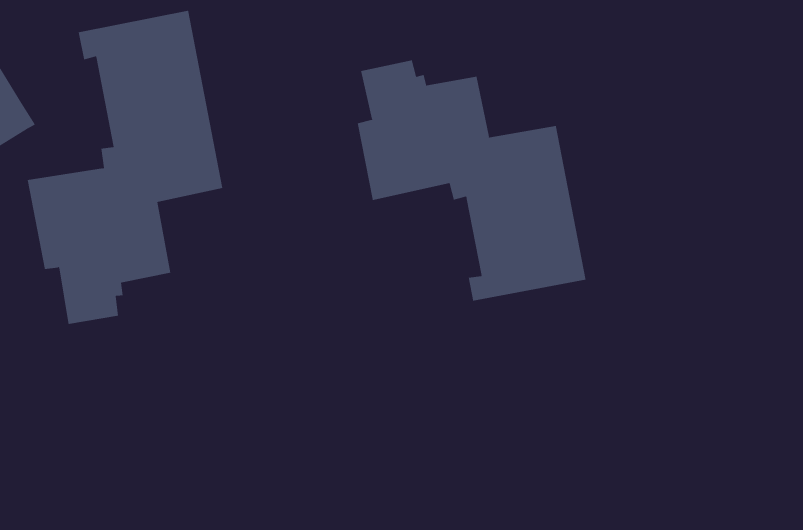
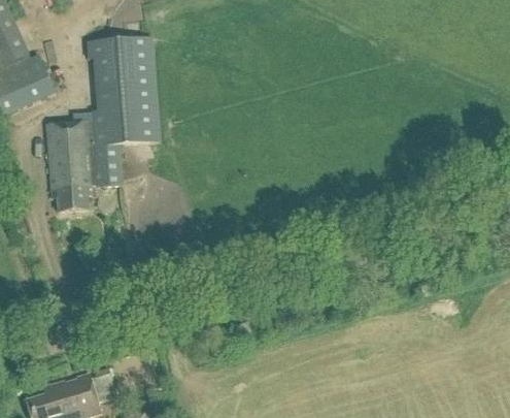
building: [357,59,586,302] -> none

